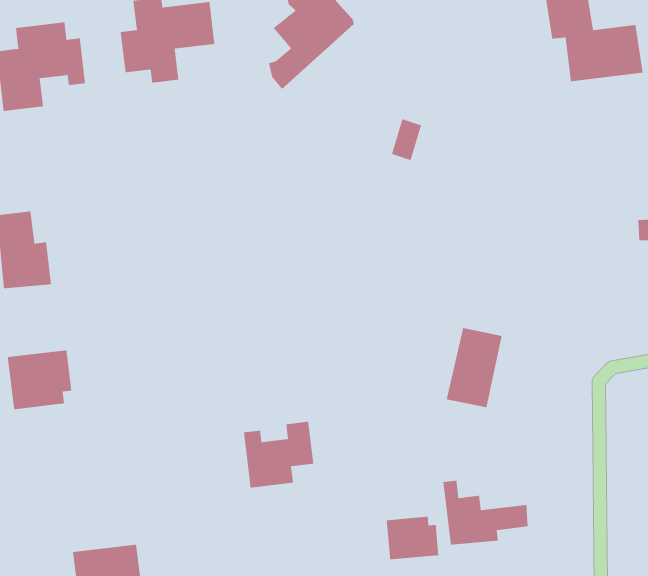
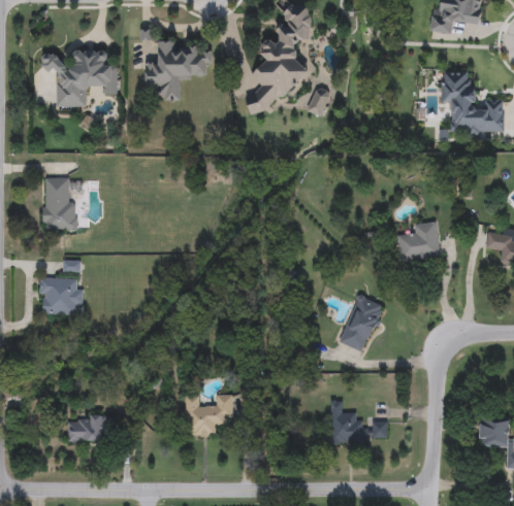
building: [391,119,422,161] -> [307,87,330,116]
building: none -> [397,222,440,263]
building: [243,421,314,488] -> [186,395,232,436]
building: [386,516,439,560] -> none

